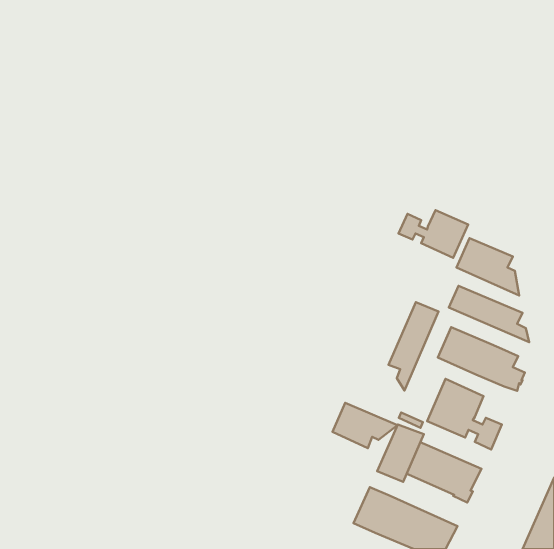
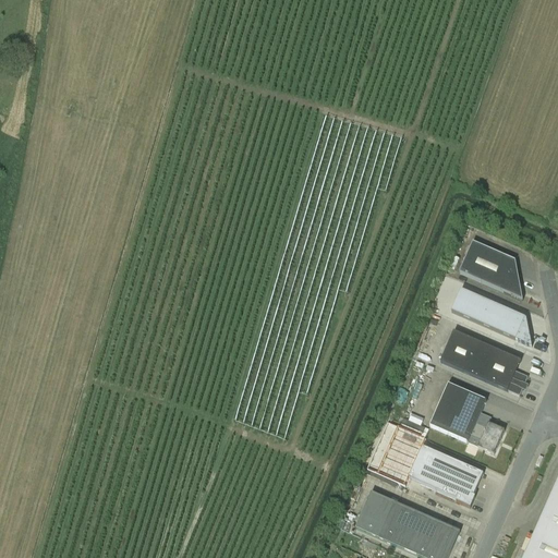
building: [399,210,468,258] -> none
building: [389,302,438,390] -> none
building: [332,403,398,448] -> none

